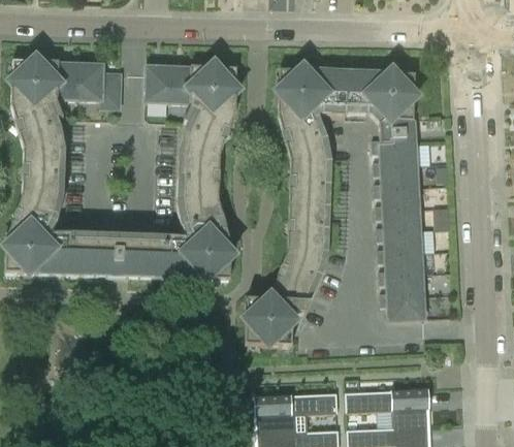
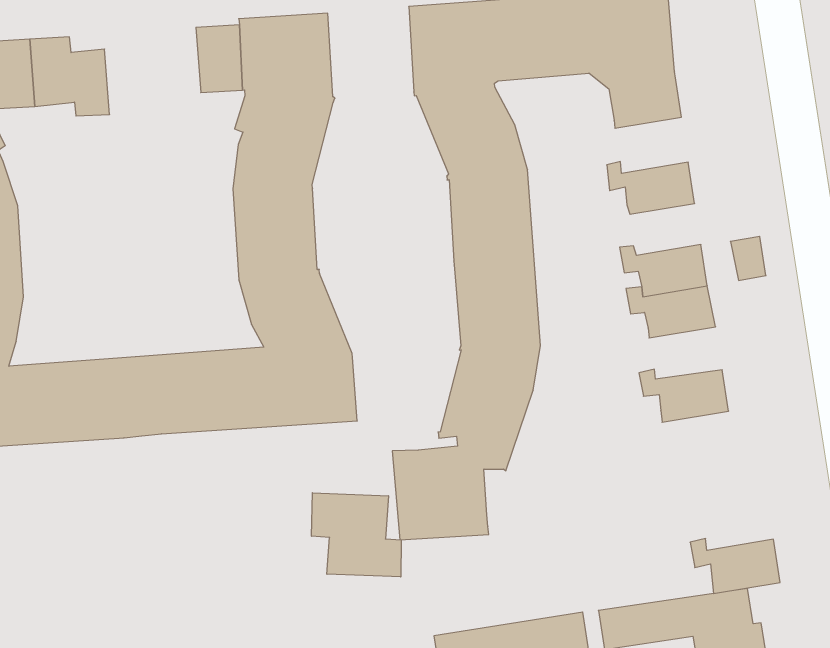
building: [146,66,168,101] -> none
building: [372,138,416,166] -> none
building: [375,183,418,210] -> none
building: [378,248,422,275] -> none
building: [380,291,424,320] -> [690,539,780,594]
building: none -> [312,493,401,577]

